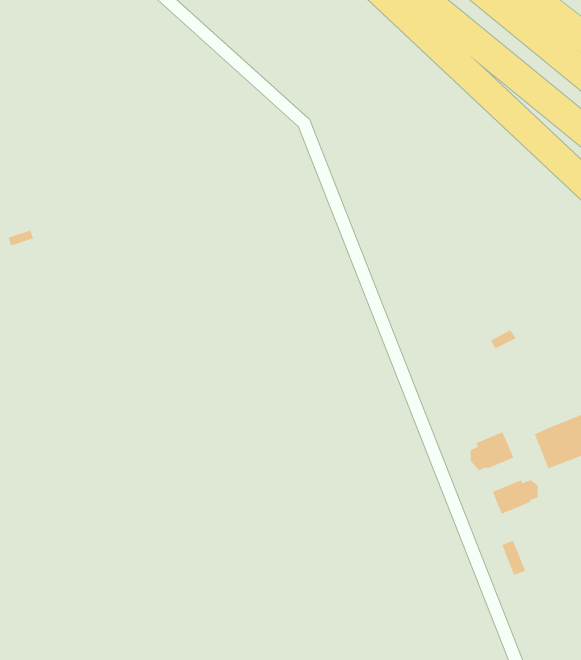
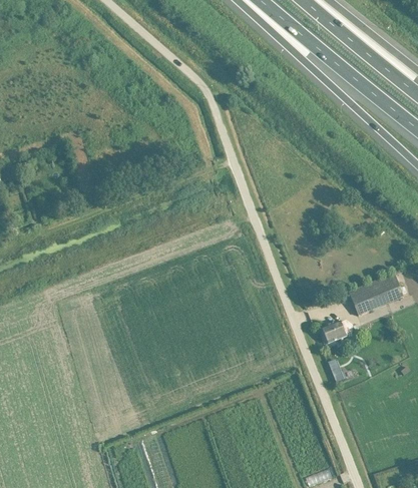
building: [470,431,514,471] -> none

